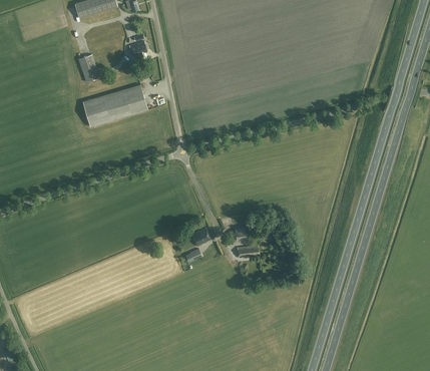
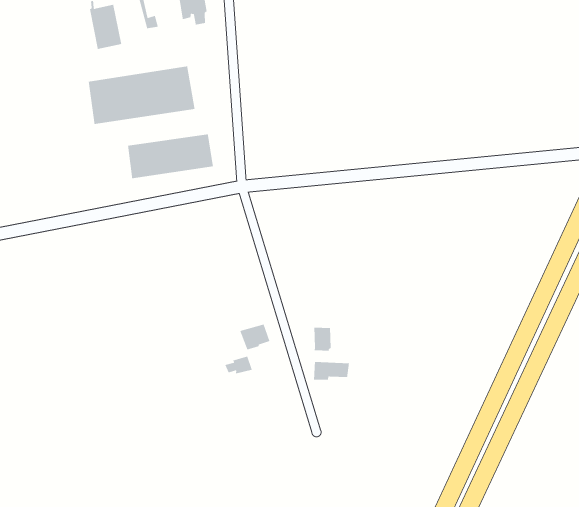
building: none -> [127,133,214,179]

